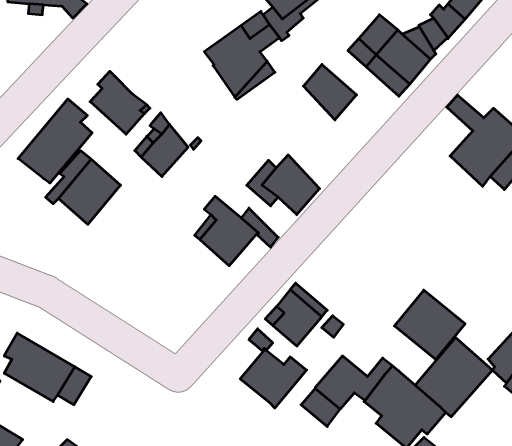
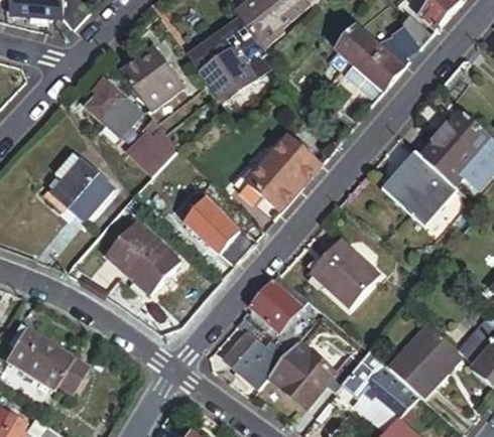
building: none -> [121,46,184,111]
building: [303,64,357,120] -> [270,135,320,186]
building: [18,99,92,183] -> none
building: none -> [382,152,453,224]
building: none -> [106,226,179,298]
building: [394,290,465,360] -> [310,243,375,307]

